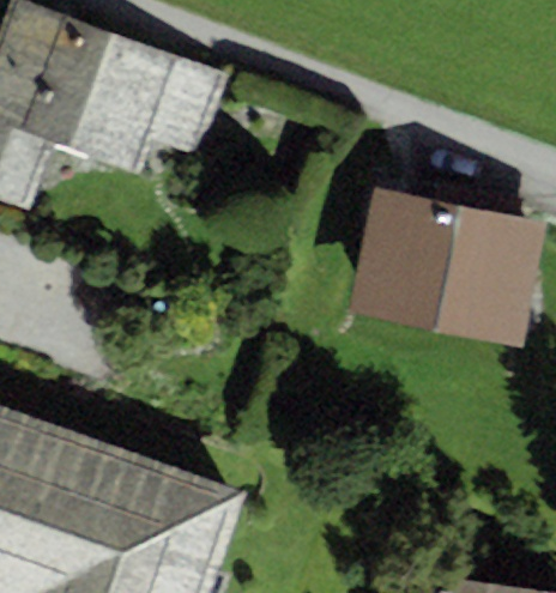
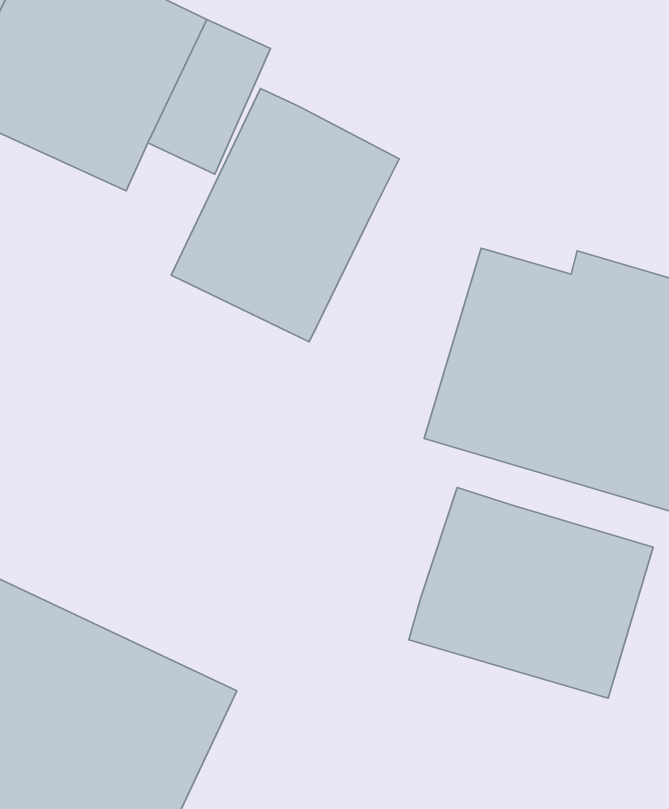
building: none -> [171,88,399,342]
building: none -> [409,488,653,698]

